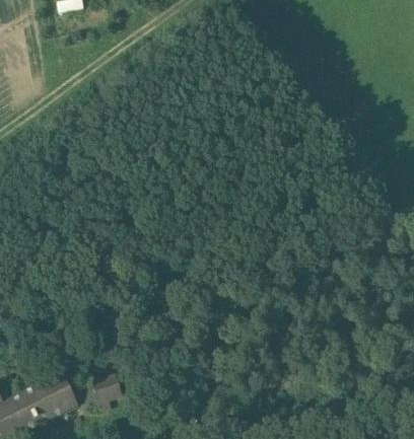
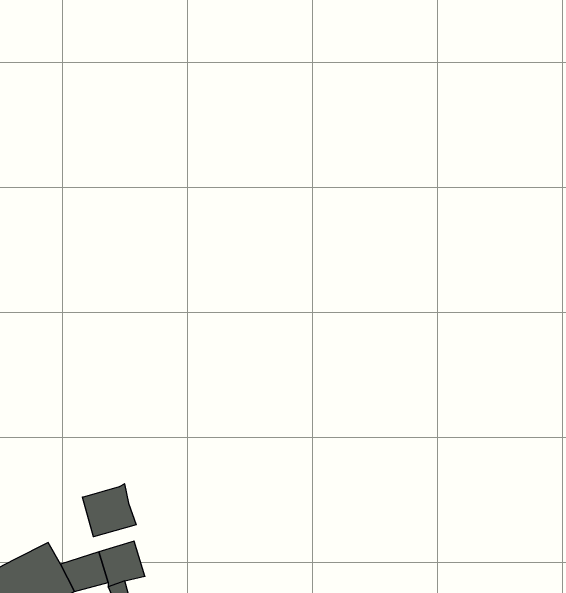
building: none -> [82,484,136,537]

